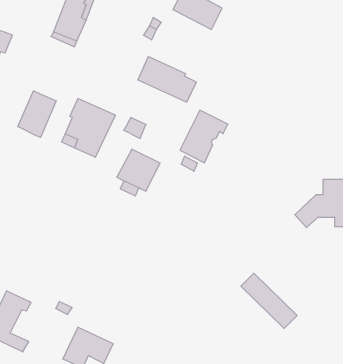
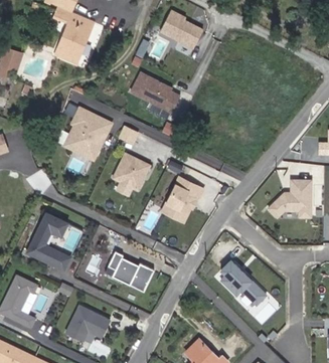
building: [18,91,56,137] -> none
building: [180,110,228,163] -> [161,175,202,220]
building: none -> [25,211,70,269]
building: none -> [105,252,153,292]

